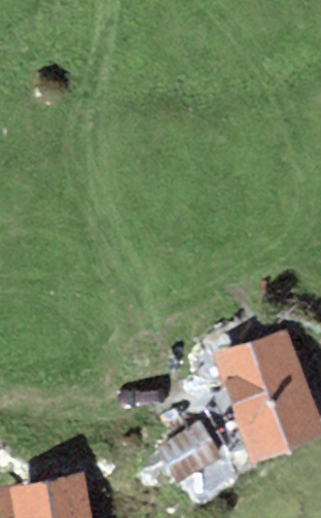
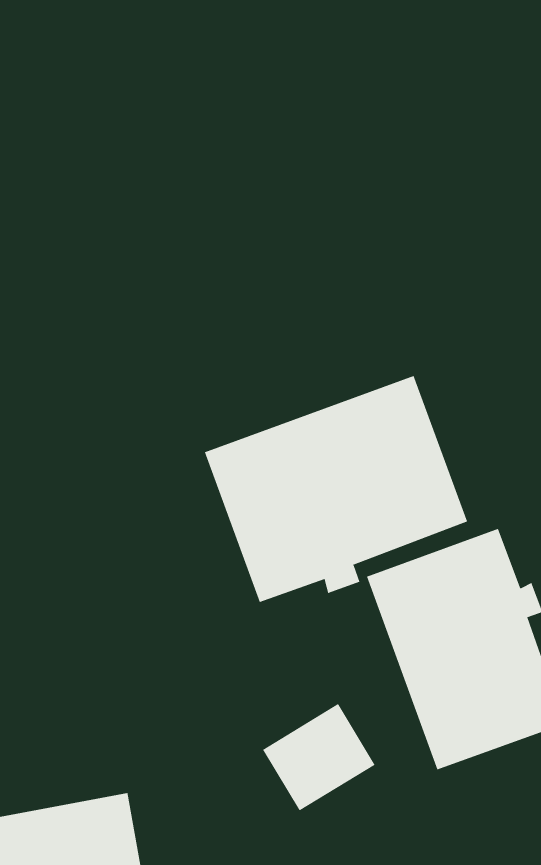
building: none -> [204,375,468,603]

